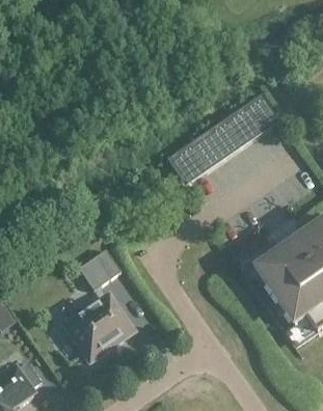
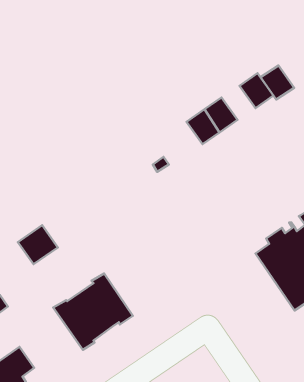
building: [224,106,258,139] -> [260,66,294,99]
building: [167,141,206,179] -> none
building: [83,247,123,285] -> [18,225,58,264]

